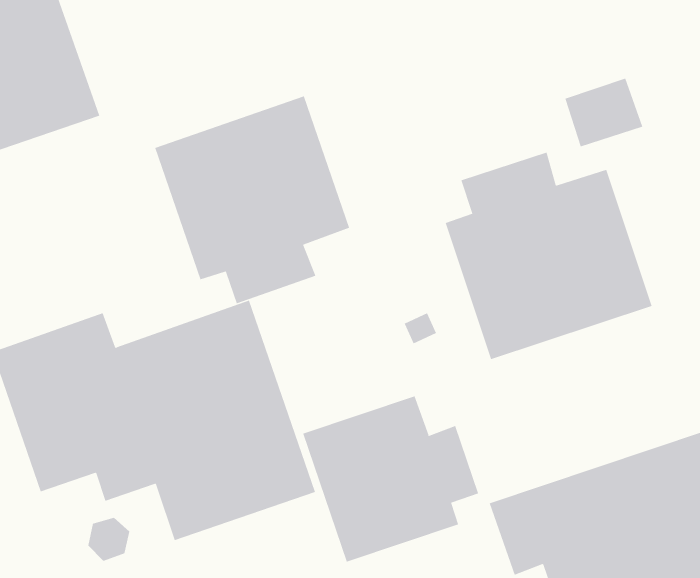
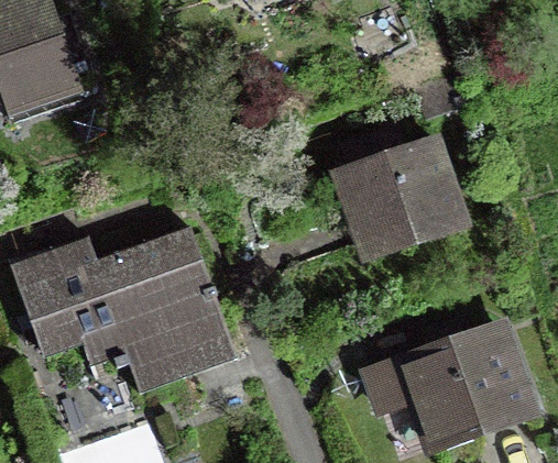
building: [155,95,350,304] -> none
building: [302,395,479,563] -> none

